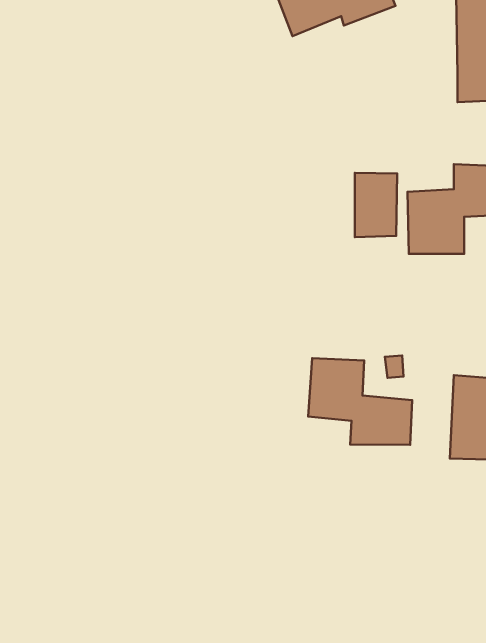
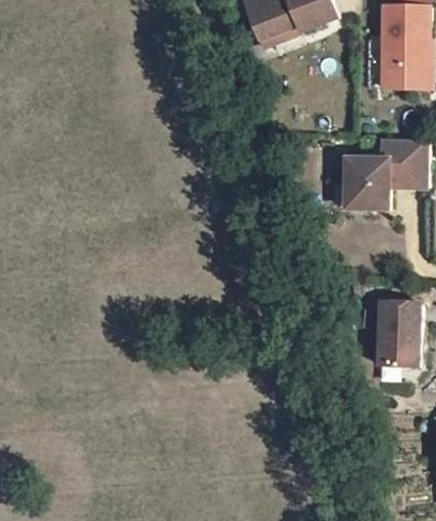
building: [355,173,397,237] -> none
building: [308,358,412,445] -> none

